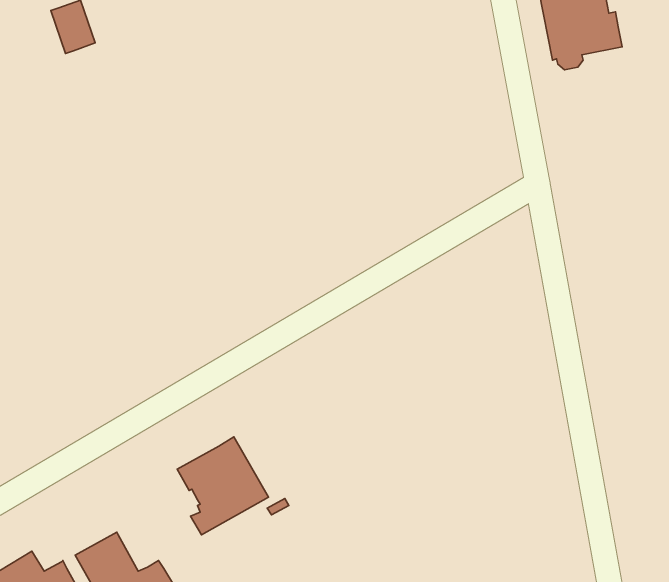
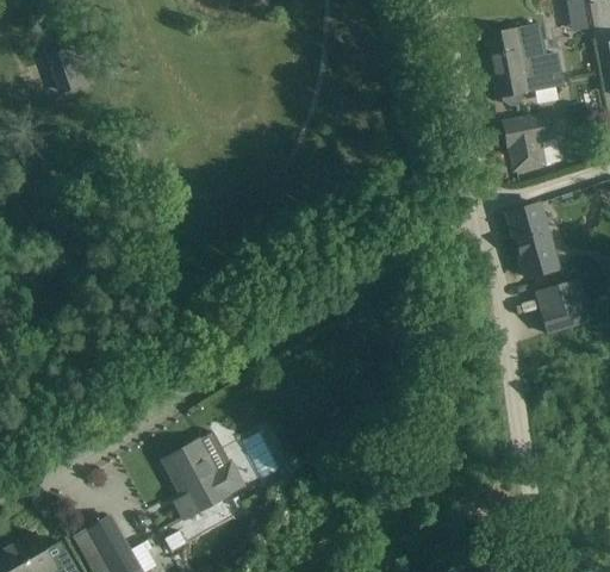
building: none -> [503,113,559,173]
building: none -> [505,204,553,278]
building: none -> [534,280,591,336]

